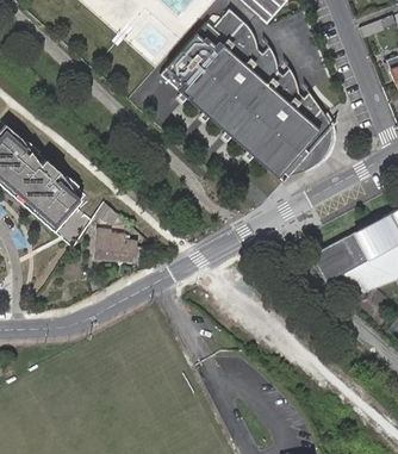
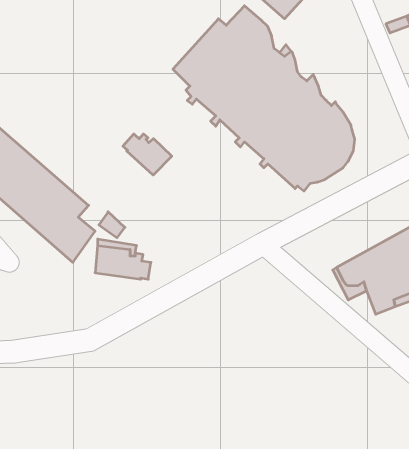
building: none -> [123,134,172,175]

